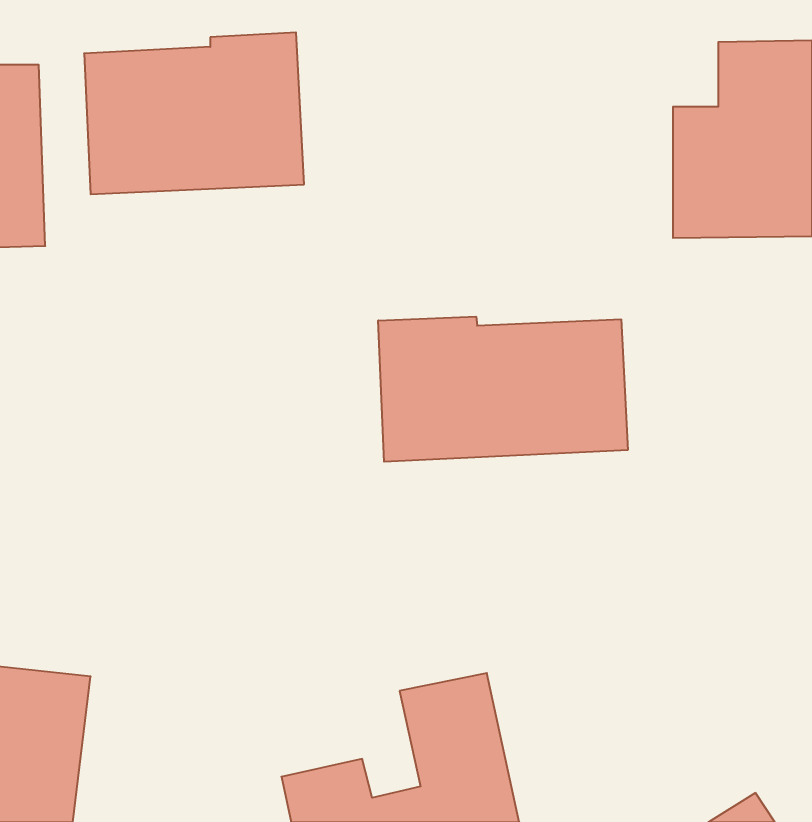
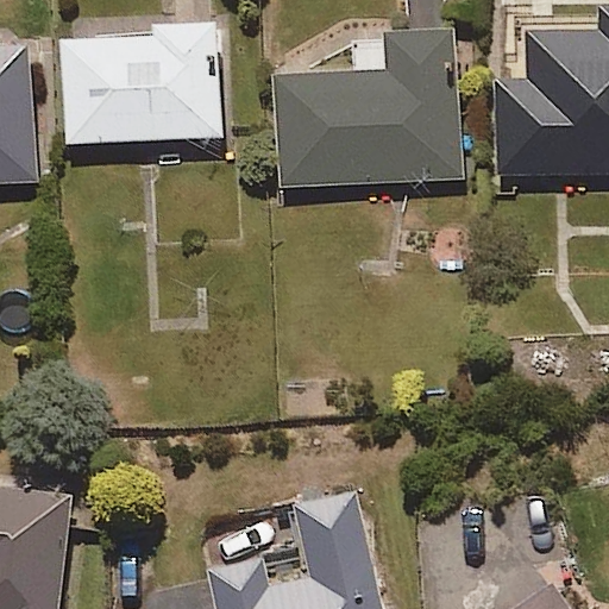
building: none -> [271,31,463,188]
building: [378,317,628,462] -> none

